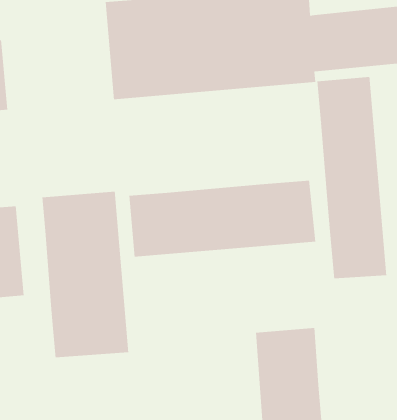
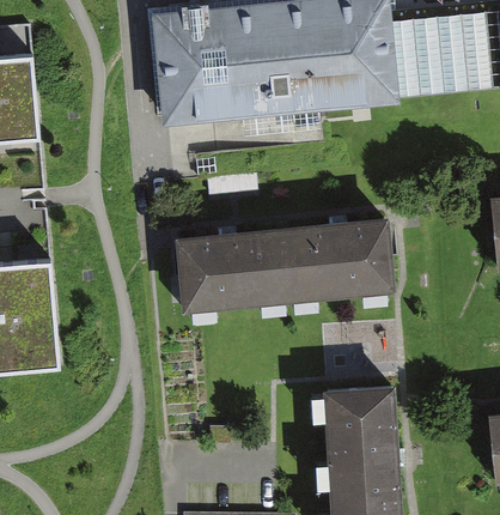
building: [317,76,387,279] -> none
building: [42,191,129,358] -> none

